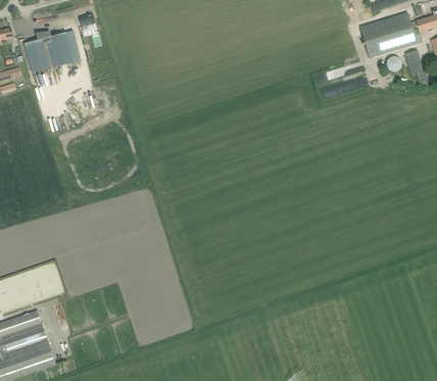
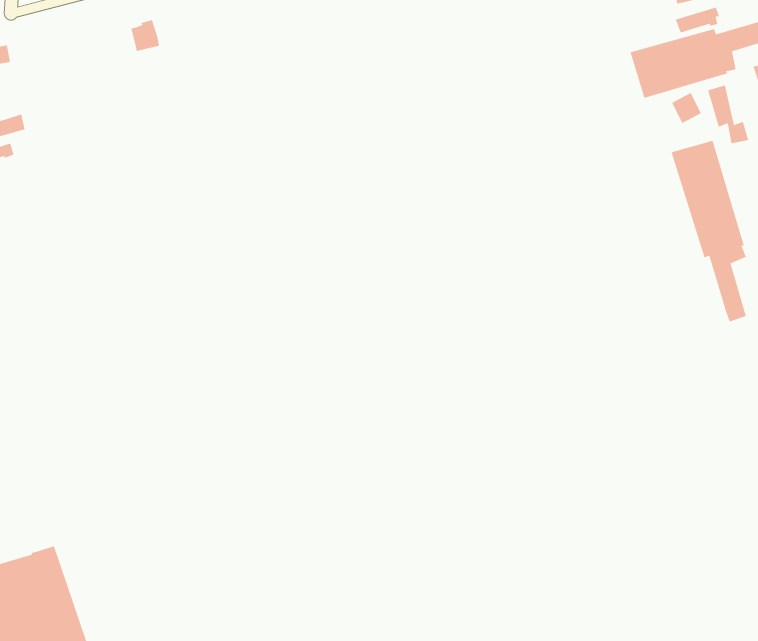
building: [23,29,80,73] -> none
building: none -> [670,140,747,323]

